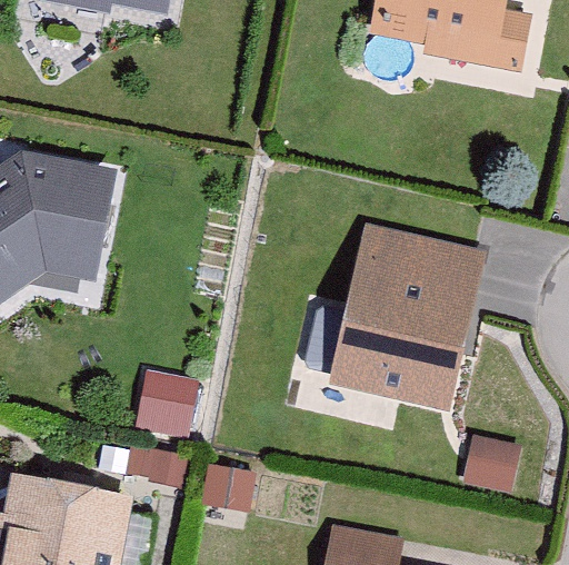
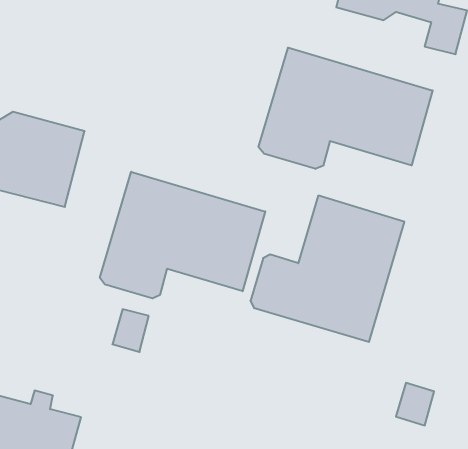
building: none -> [259,48,433,169]
building: none -> [100,172,265,298]

